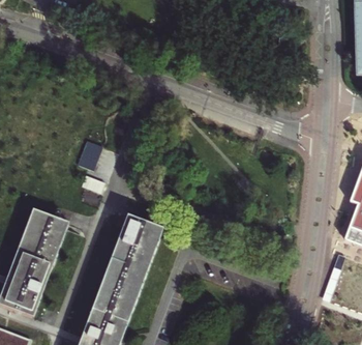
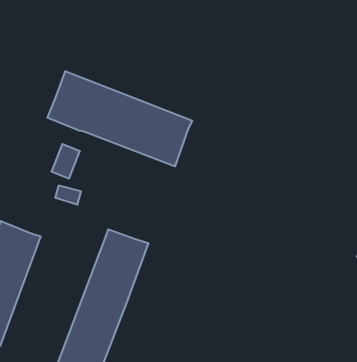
building: none -> [47,71,192,166]

